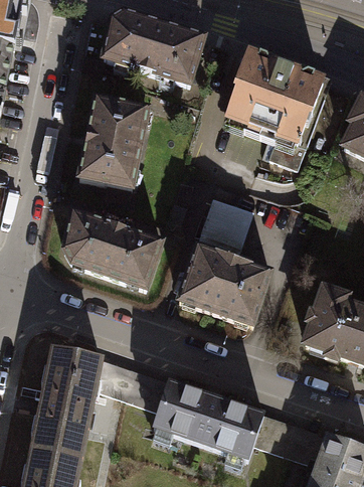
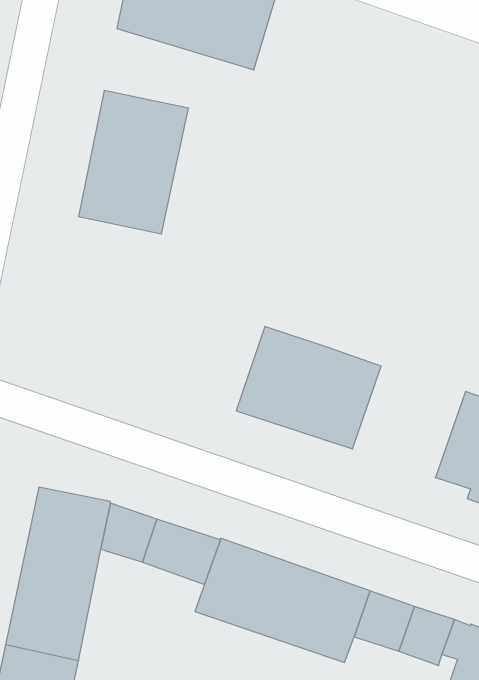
building: [225,51,322,167] -> none
building: [196,196,251,259] -> none
building: [63,211,161,287] -> none

